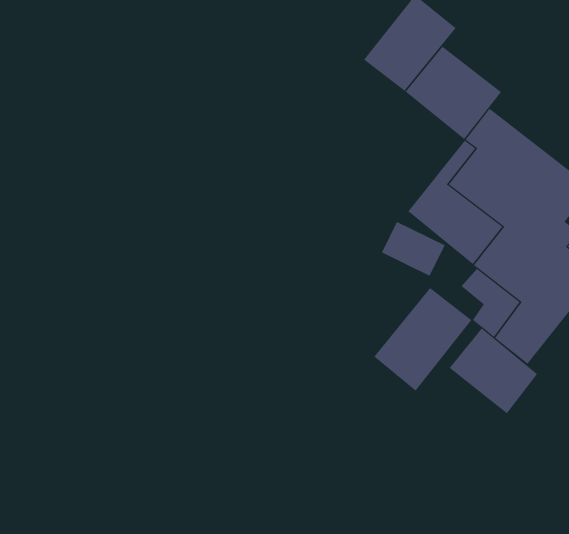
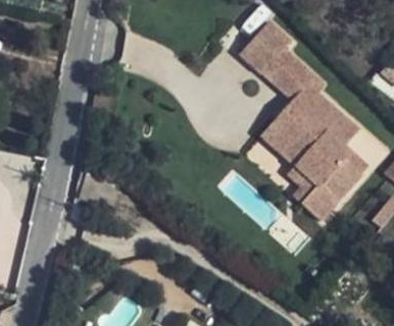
building: [373,287,472,392] -> none
building: [449,328,538,414] -> none

